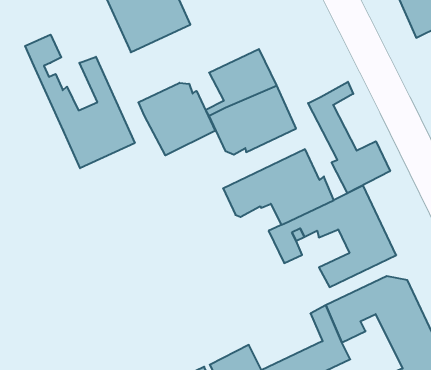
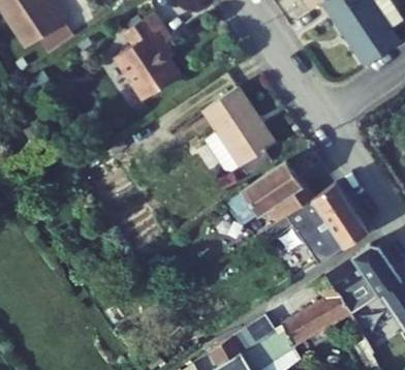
building: [25,35,135,168] -> none
building: [308,82,390,193] -> none
building: [138,83,215,155] -> none

